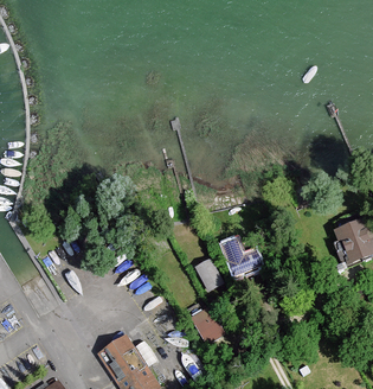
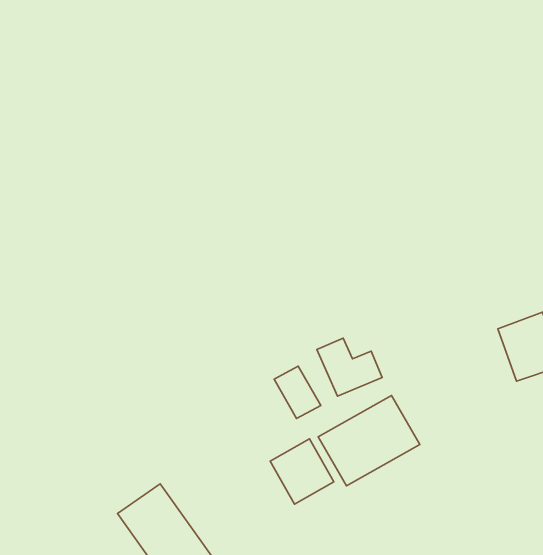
building: none -> [318,395,420,486]

